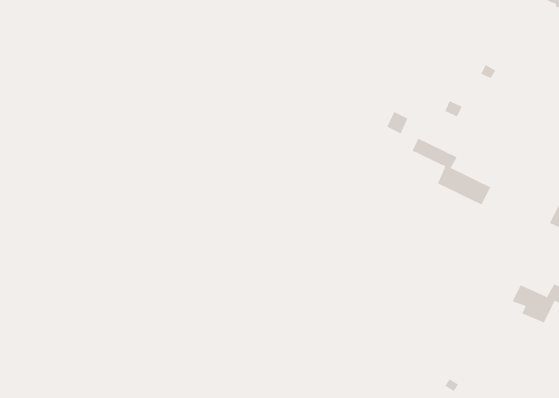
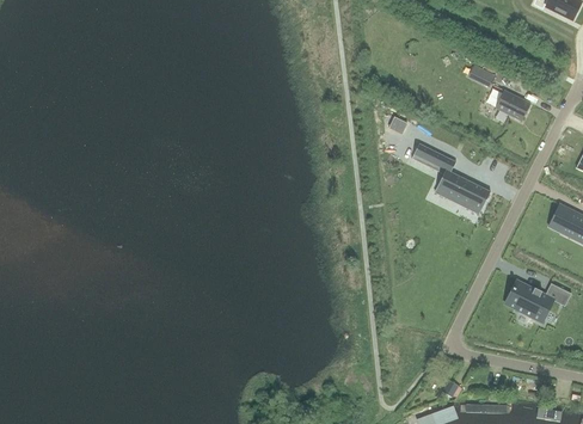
building: none -> [495,88,529,119]

